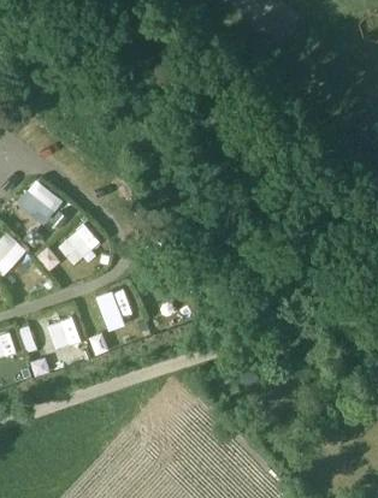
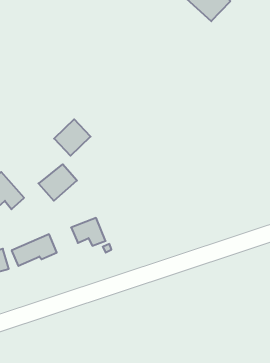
building: [17,183,63,229] -> [54,119,91,156]

